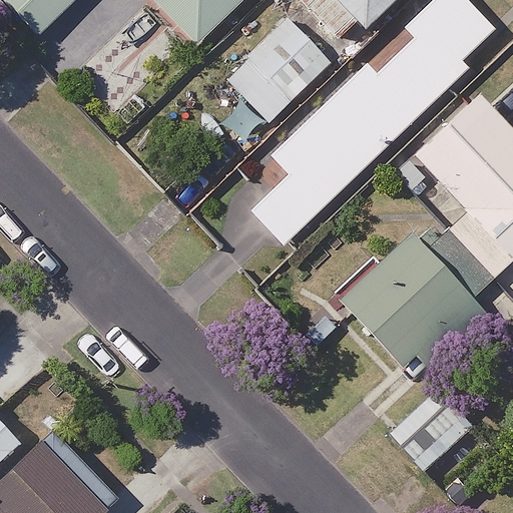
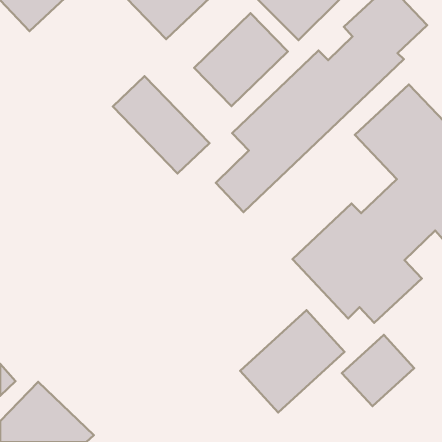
building: none -> [113,76,209,174]
building: none -> [240,310,344,413]

